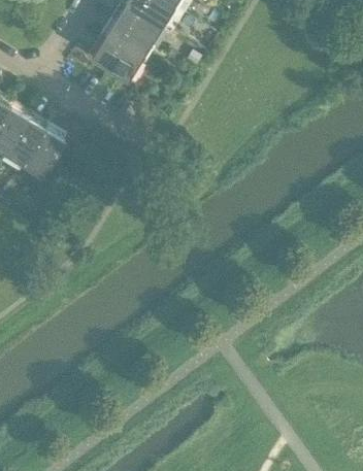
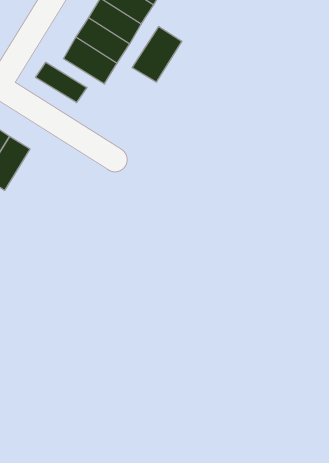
building: none -> [132,26,182,82]
building: none -> [36,62,87,103]

